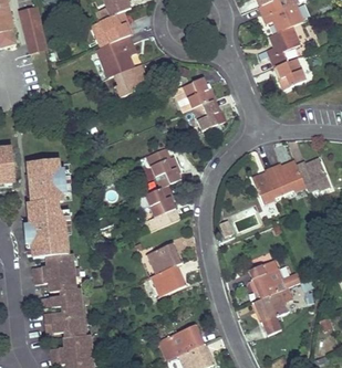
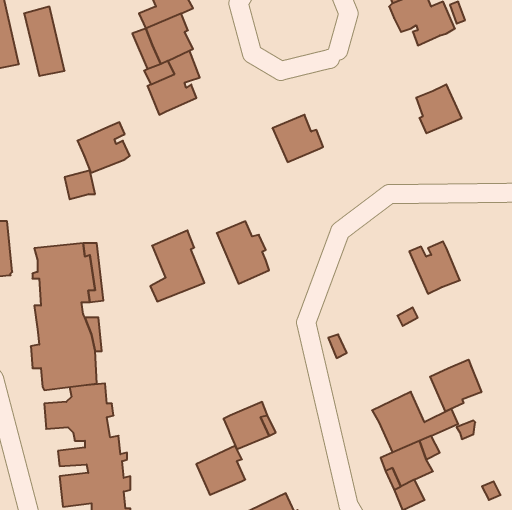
building: [267,25,301,67] -> none
building: [113,63,147,96] -> [77,122,130,173]
building: [193,99,225,130] -> none
building: [297,158,330,192] -> none
building: [252,167,284,202] -> none
building: [144,185,179,231] -> [150,230,204,301]
building: none -> [430,360,481,411]
building: [146,242,178,274] -> [196,446,245,495]

